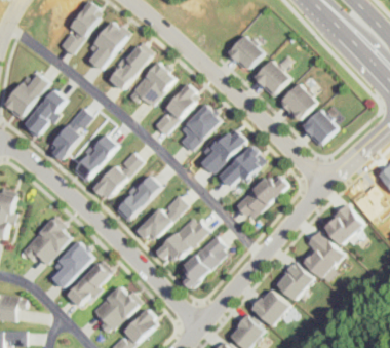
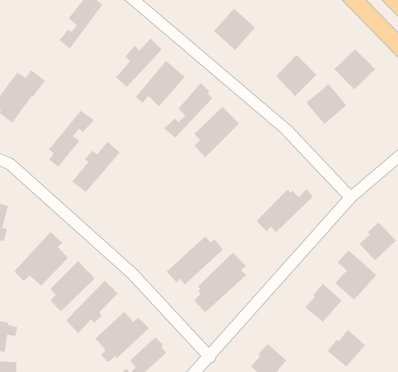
building: [86,23,125,71] -> none
building: [226,34,264,72] -> [213,8,256,51]
building: [21,88,65,139] -> none
building: [300,110,338,147] -> [333,48,376,90]
building: [201,131,248,176] -> none
building: [222,142,265,186] -> none
building: [91,153,140,199] -> none
building: [115,177,158,221] -> none
building: [135,196,186,241] -> none
building: [252,292,287,325] -> [327,329,366,367]

